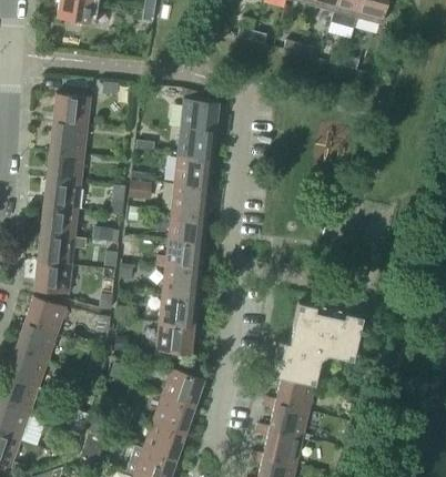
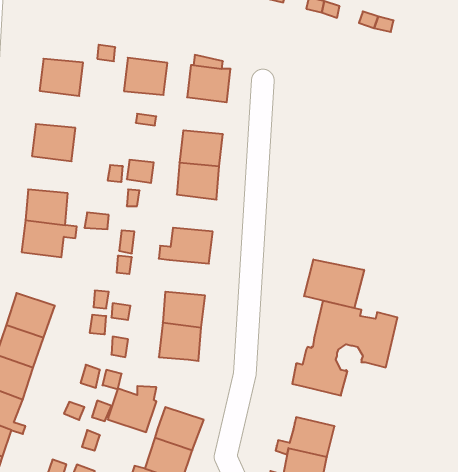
building: [50,121,88,153] -> none
building: [178,126,215,159] -> [124,58,167,95]
building: [43,177,81,210] -> none
building: [169,211,206,243] -> none
building: [34,261,72,294] -> none
building: none -> [304,259,364,308]
building: [162,267,200,298] -> none
building: [162,366,204,406] -> [108,386,156,432]
building: [263,377,314,412] -> none

